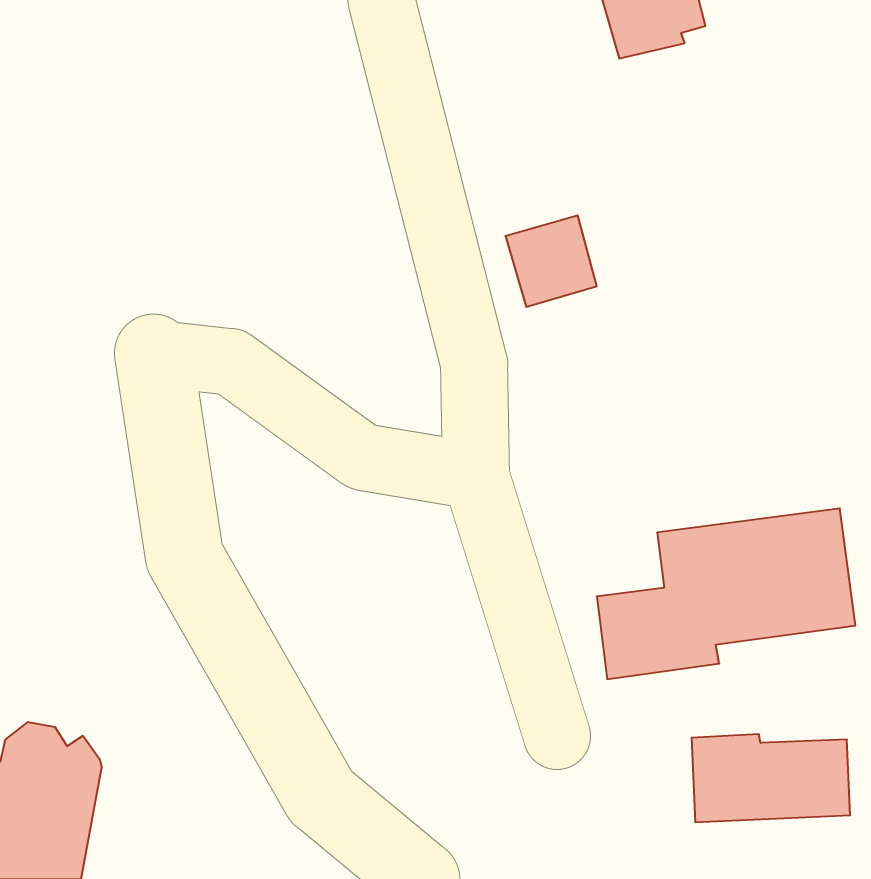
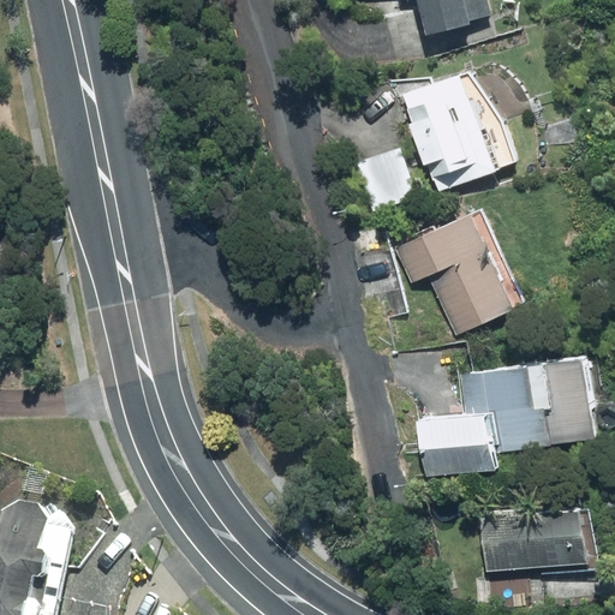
building: none -> [404,73,495,191]
building: none -> [394,213,517,335]

